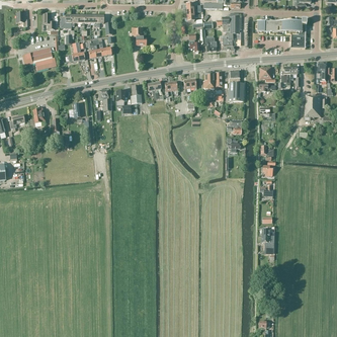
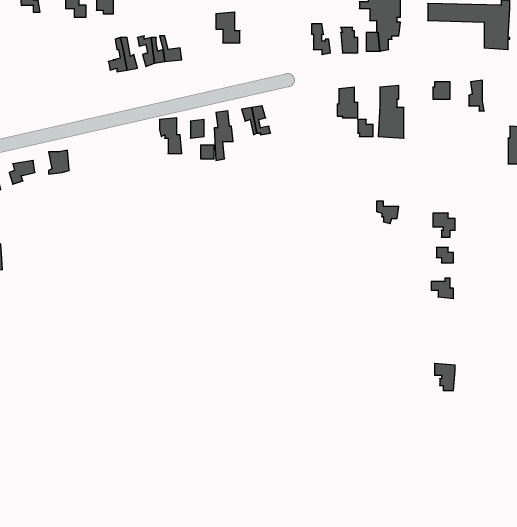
building: [22,48,56,71] -> none

